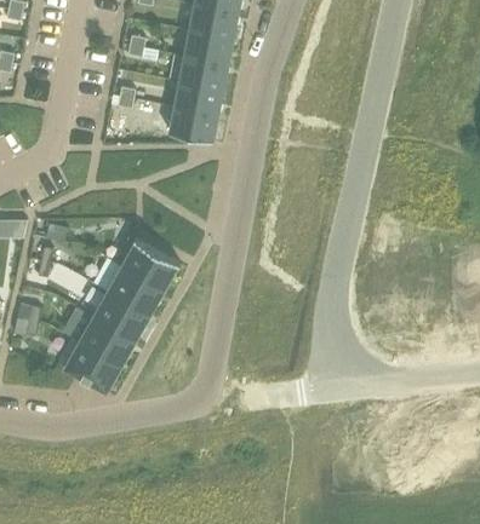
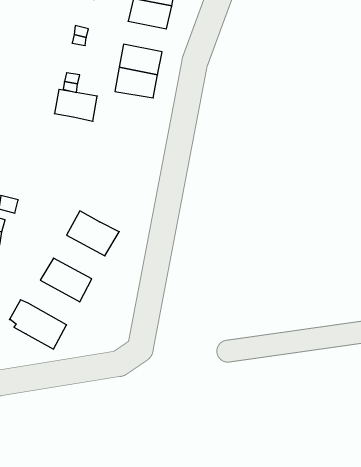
building: [183,30,230,64] -> none
building: [168,108,216,143] -> [54,89,97,121]
building: [105,266,162,315] -> none
building: [78,316,135,365] -> none

